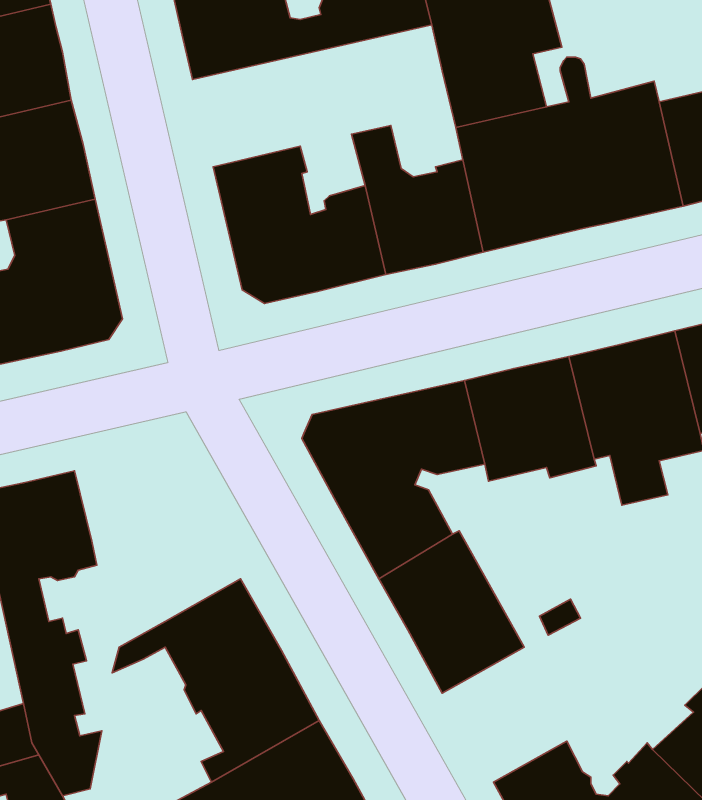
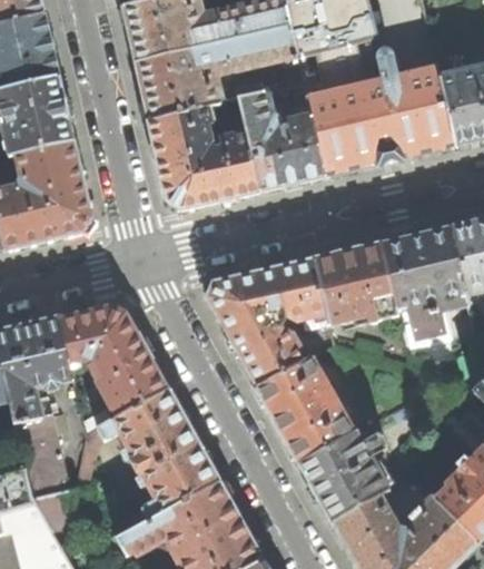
building: none -> [137,27,299,119]
building: none -> [60,305,168,415]
building: none -> [299,430,389,520]

